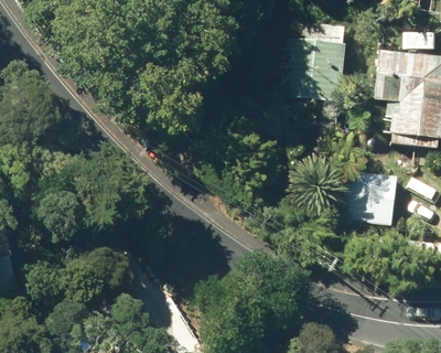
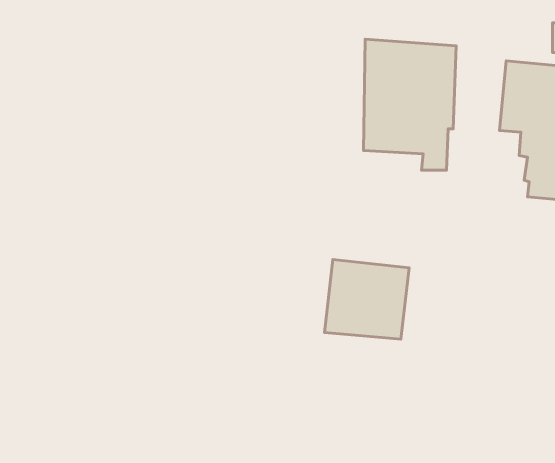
building: [345,169,401,222] -> [325,259,409,339]

